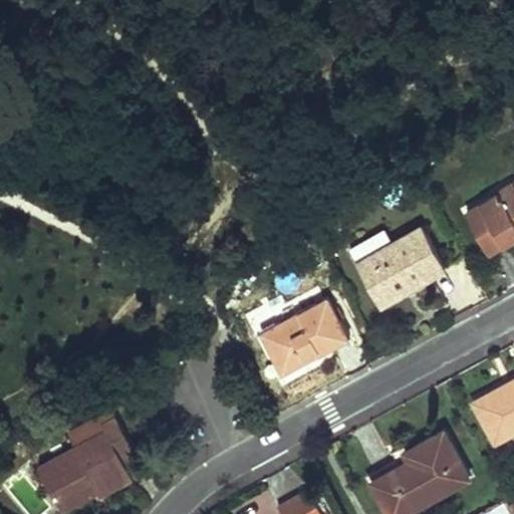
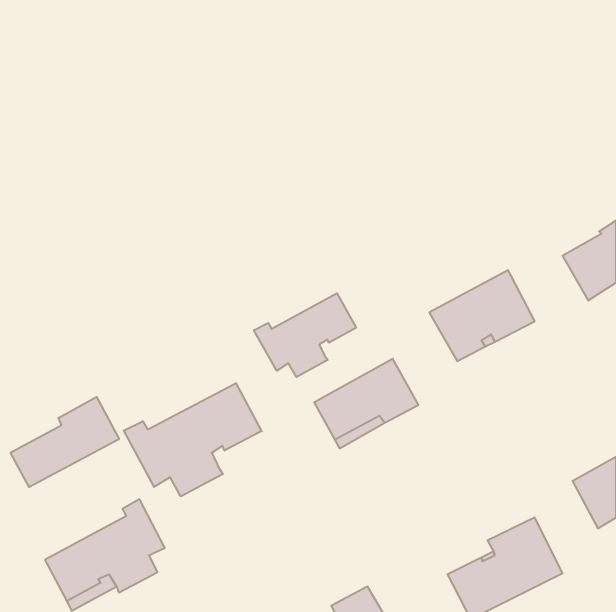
building: none -> [254,293,356,377]
building: none -> [124,383,262,496]
building: none -> [11,397,119,487]

